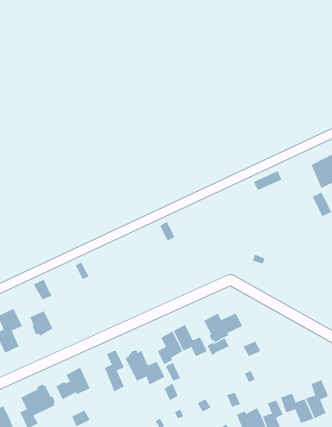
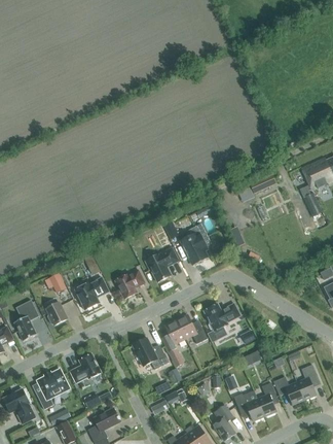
building: none -> [180,226,208,264]
building: none -> [145,247,178,281]
building: none -> [114,269,145,298]
building: none -> [74,276,108,309]
building: [104,349,125,392] -> none

